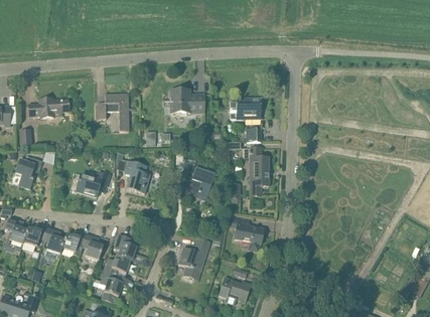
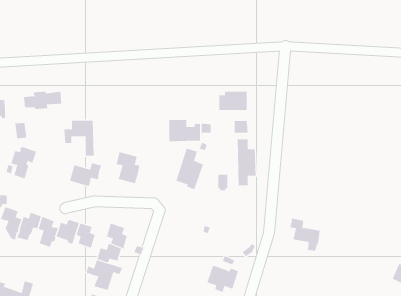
building: [170,90,203,113] -> [169,120,201,142]
building: [97,94,129,131] -> [63,120,95,156]
building: [231,216,263,251] -> [289,218,321,251]
building: [178,237,210,279] -> none

